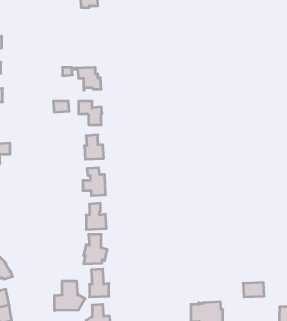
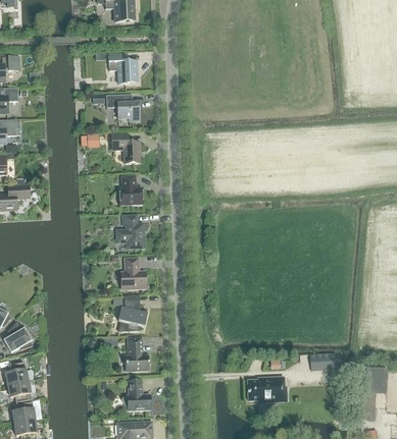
building: none -> [108,54,138,84]
building: [55,281,85,311] -> none

